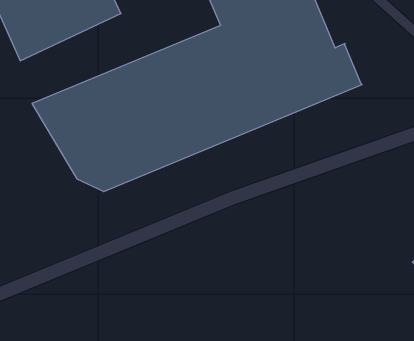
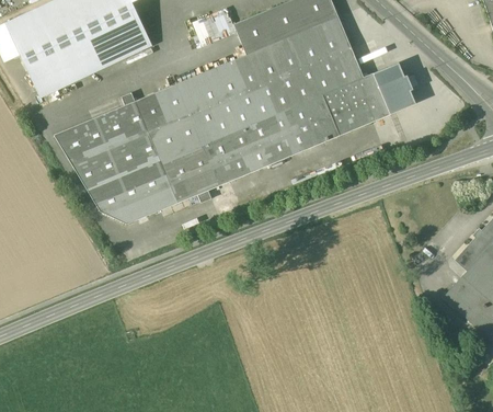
building: none -> [375,67,416,113]

